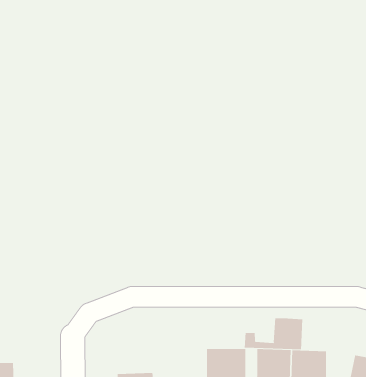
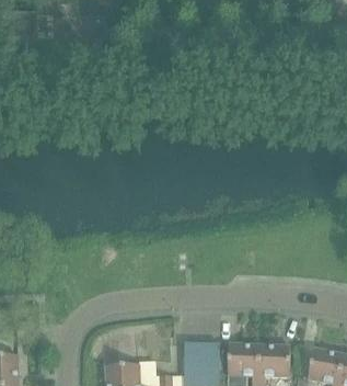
building: [244,317,303,350] -> none

